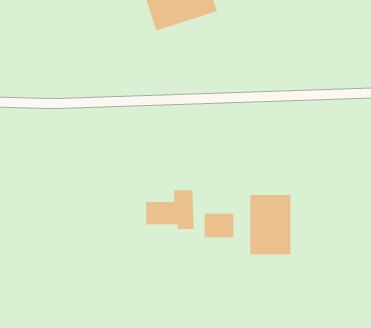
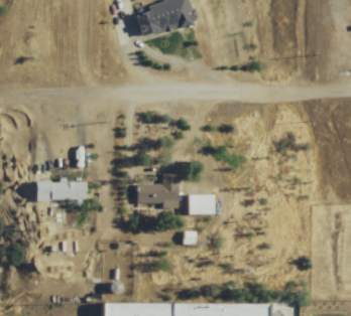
building: [250,194,291,255] -> none
building: none -> [36,180,90,200]

